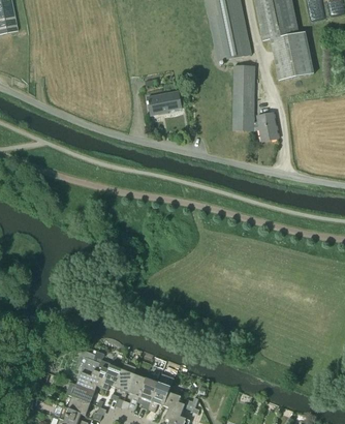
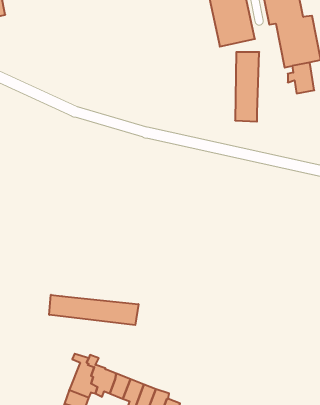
building: [147,91,181,115] -> none
building: [253,113,278,142] -> [288,63,314,93]
building: none -> [49,295,138,325]

